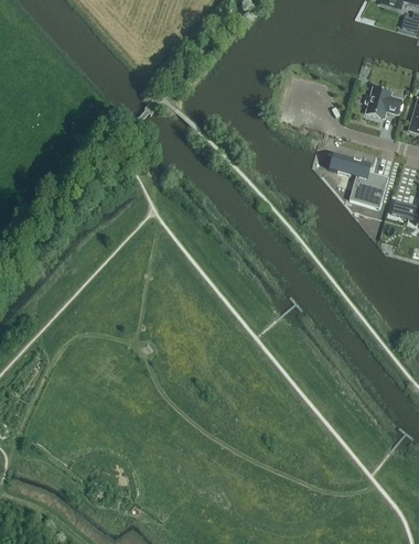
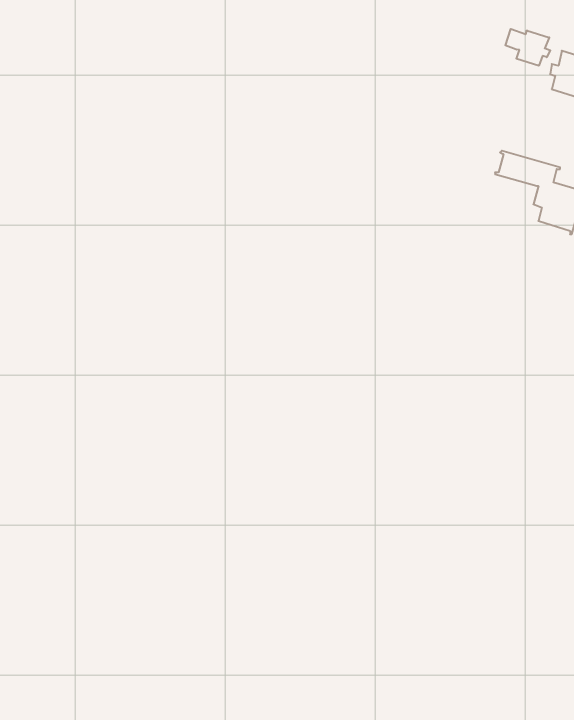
building: none -> [505,29,550,66]

